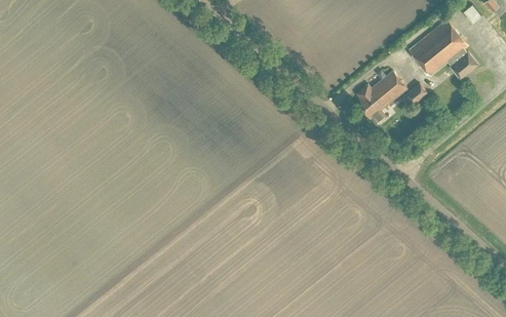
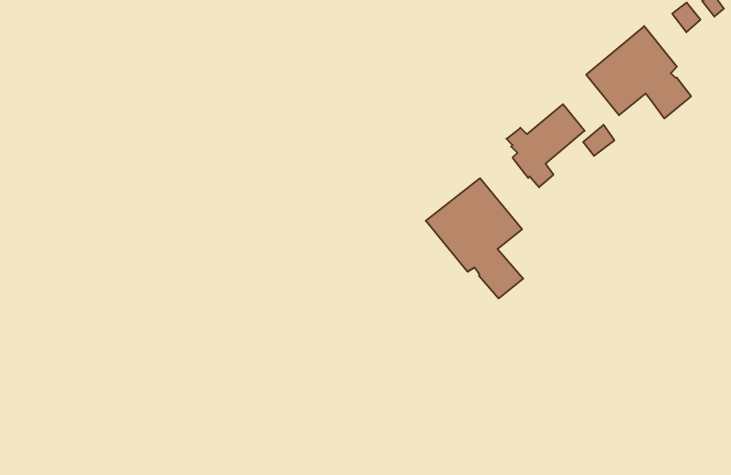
building: none -> [426,178,523,298]

